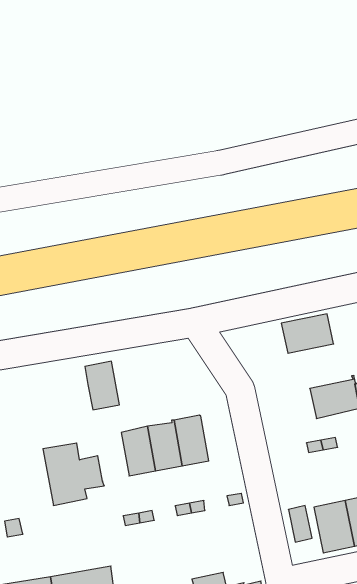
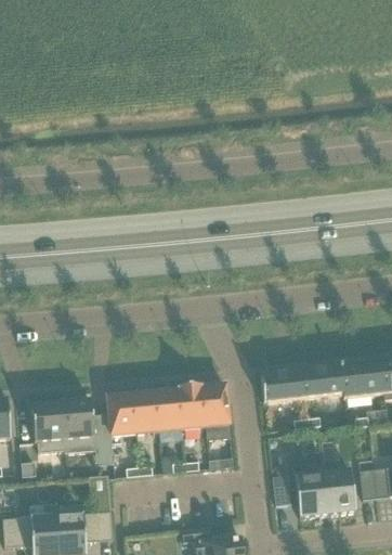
building: [281,314,334,353] -> [259,370,303,401]
building: [85,361,119,410] -> [106,392,133,434]
building: none -> [201,383,228,425]
building: none -> [30,400,64,451]

